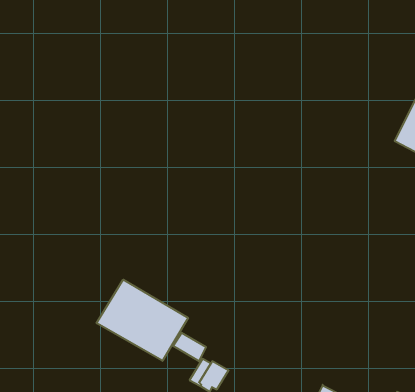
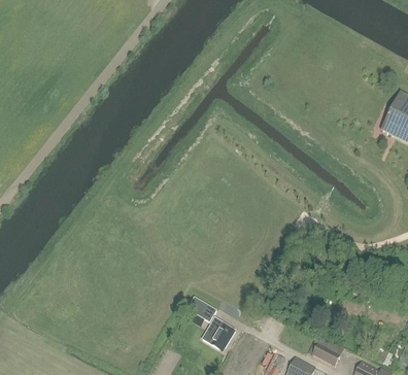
building: [97,280,188,361] -> none

